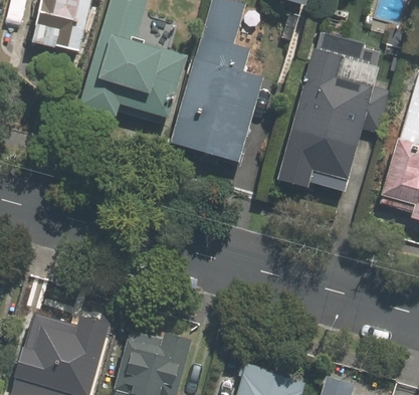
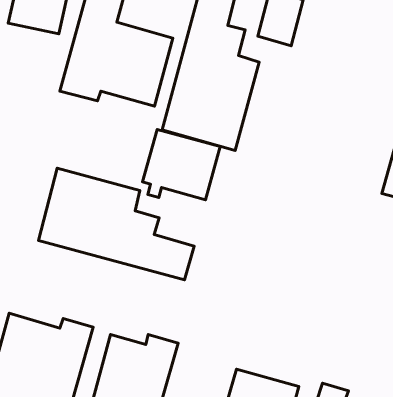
building: [278,47,384,190] -> none
building: none -> [143,130,220,200]
building: none -> [39,168,194,280]

